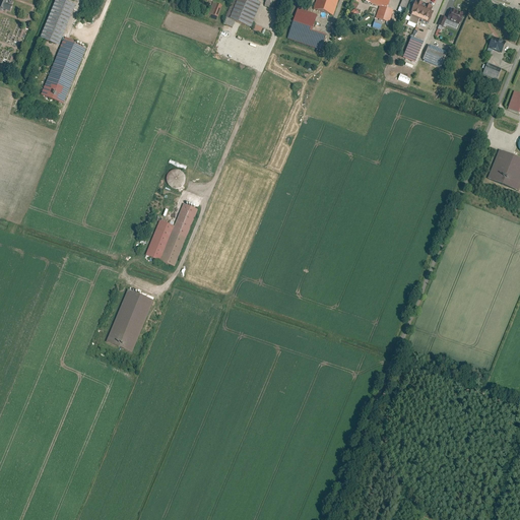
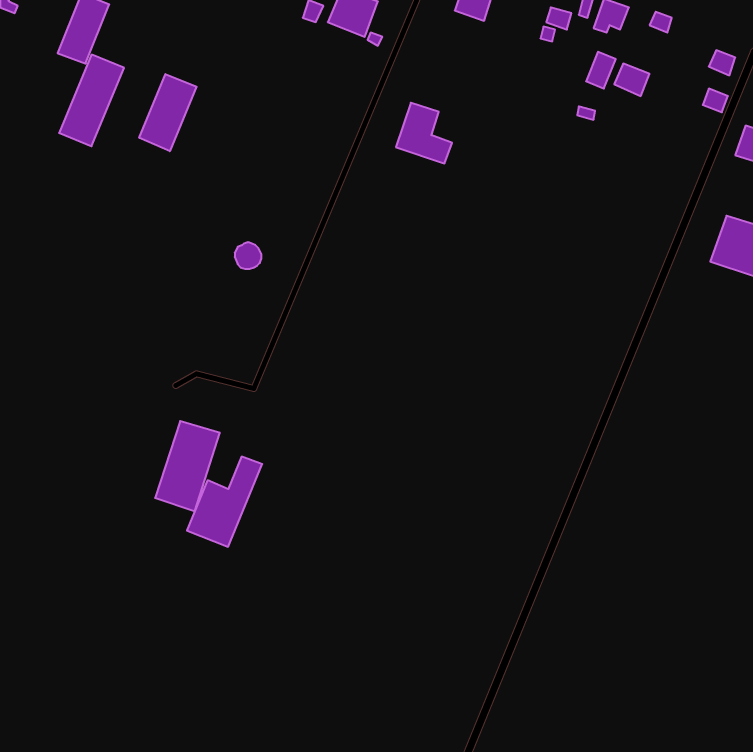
building: [288,6,327,48] -> [396,103,452,163]
building: none -> [139,74,197,151]
building: [141,201,193,263] -> [187,457,262,547]

